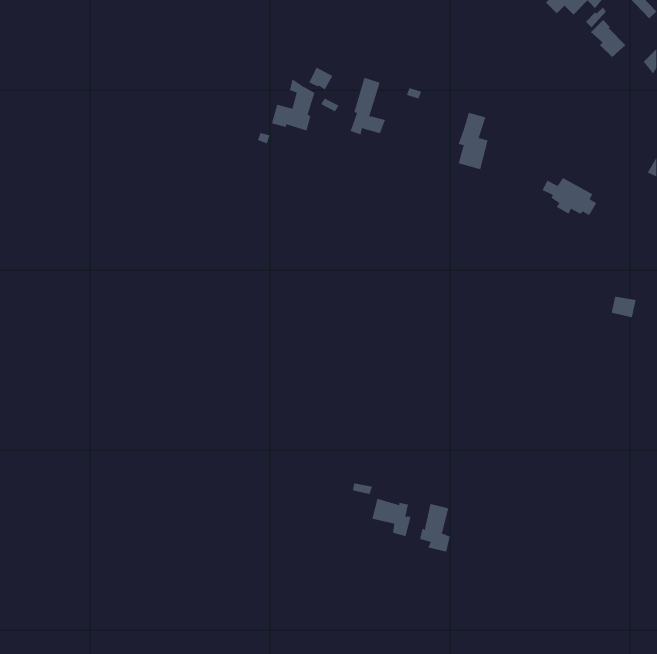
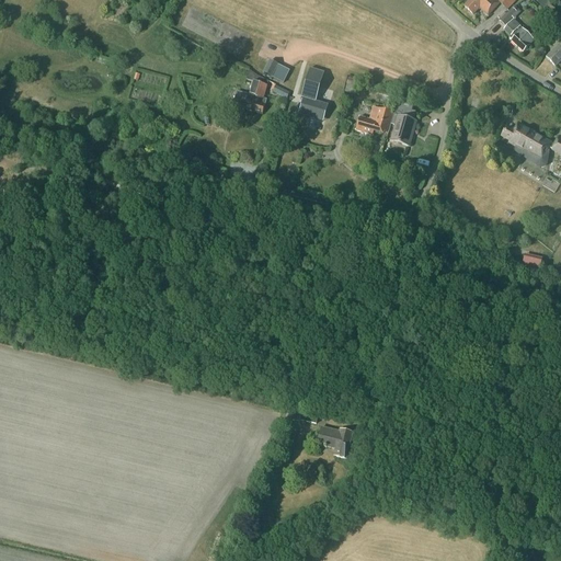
building: none -> [355,104,394,134]
building: [542,177,597,216] -> [502,123,549,156]
building: [420,503,450,552] -> none

